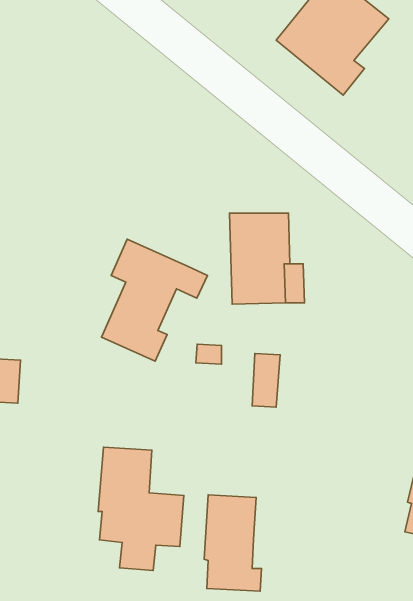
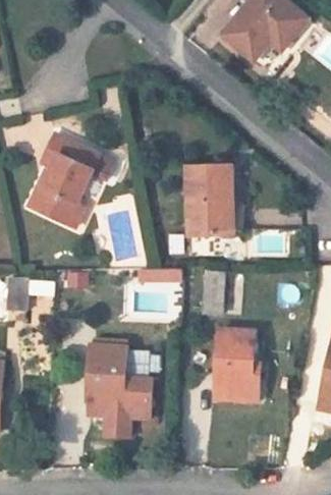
building: [102,239,207,361] -> [33,133,113,226]
building: [204,495,262,591] -> [215,328,259,401]

